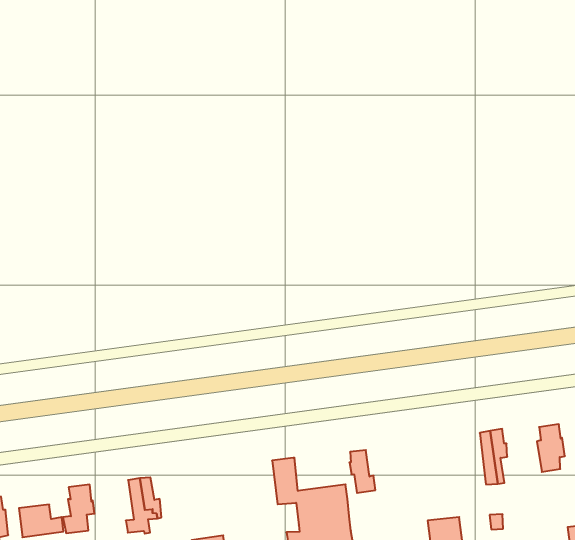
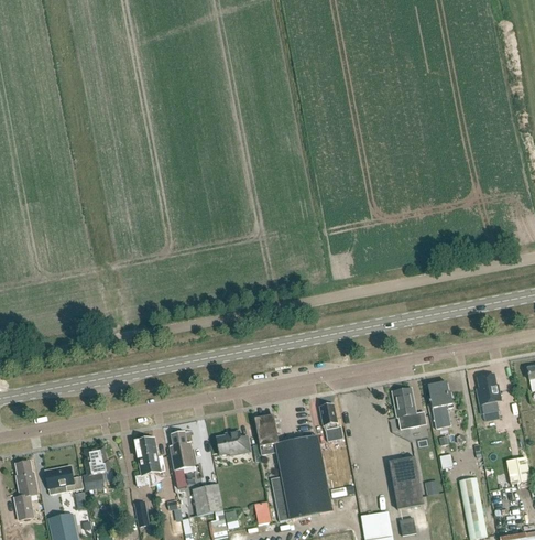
building: none -> [394,388,417,426]
building: none -> [171,431,196,472]
building: none -> [217,430,251,454]

